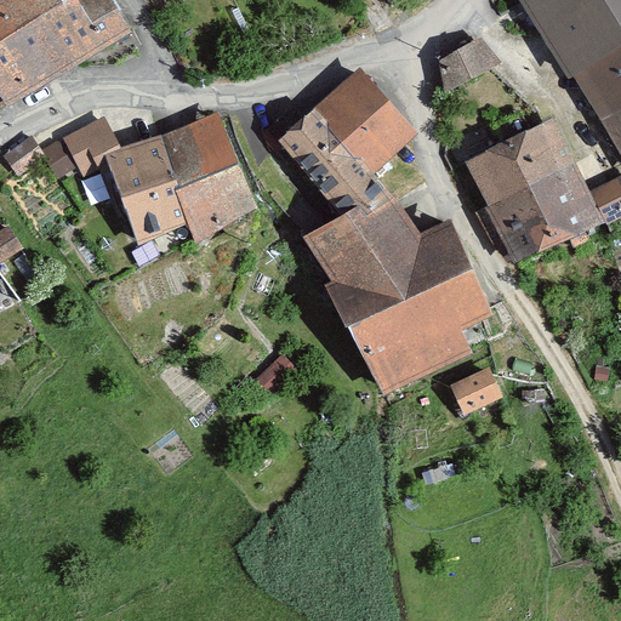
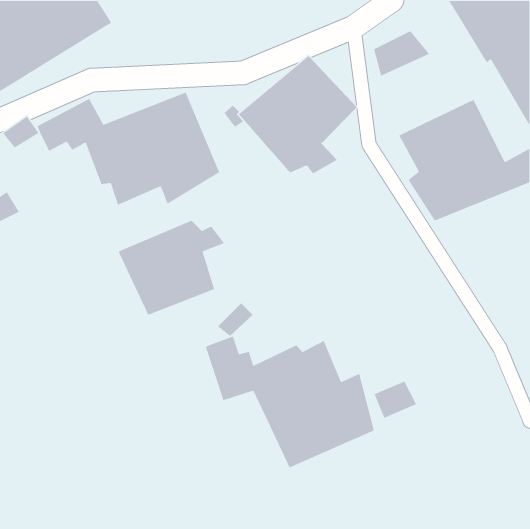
building: [302,189,494,391] -> none
building: none -> [118,220,225,316]
building: [451,368,502,412] -> [374,380,417,419]
building: none -> [205,335,375,468]

